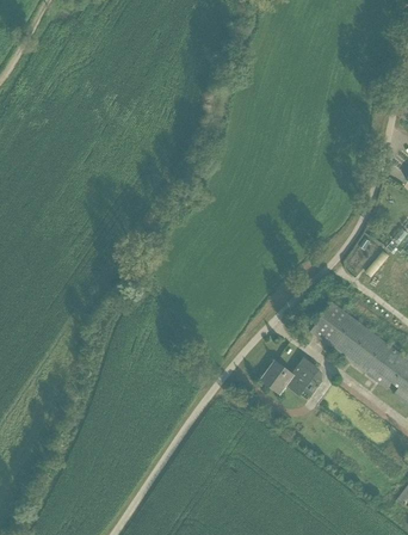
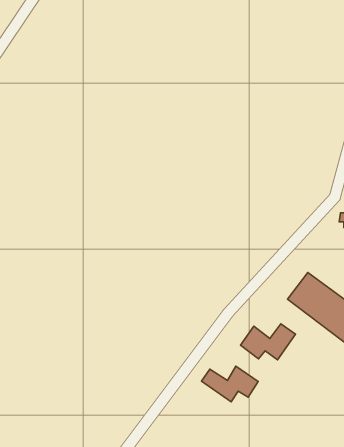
building: none -> [201,366,258,402]

